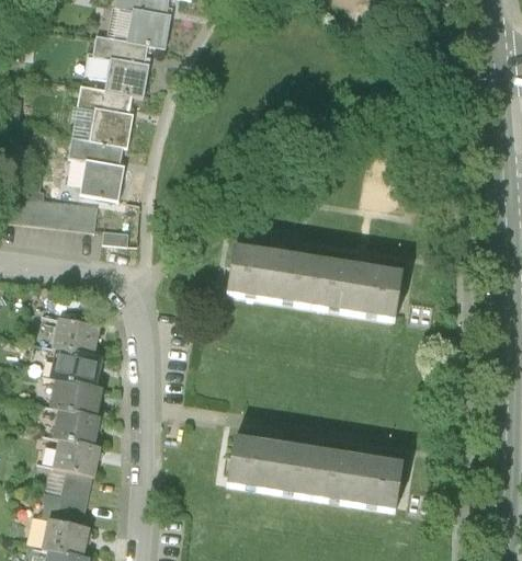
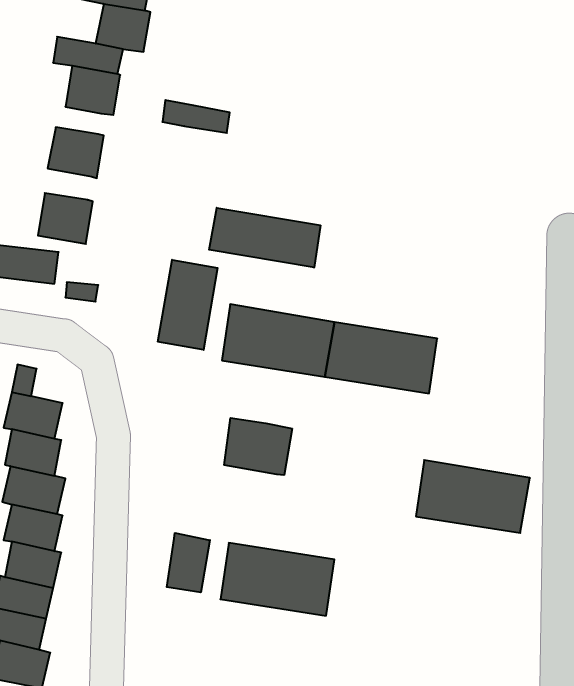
building: [77,83,130,110] -> [162,100,230,133]
building: [68,134,123,162] -> none
building: none -> [209,208,320,268]
building: none -> [158,260,218,350]
building: none -> [224,418,292,475]
building: none -> [167,533,210,592]
building: [310,449,401,507] -> [416,460,530,533]

